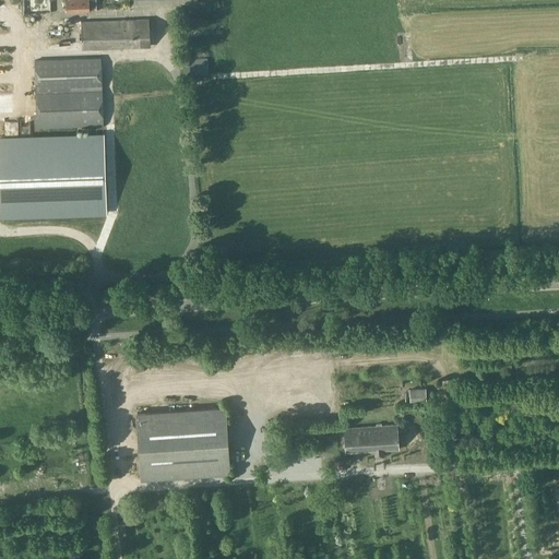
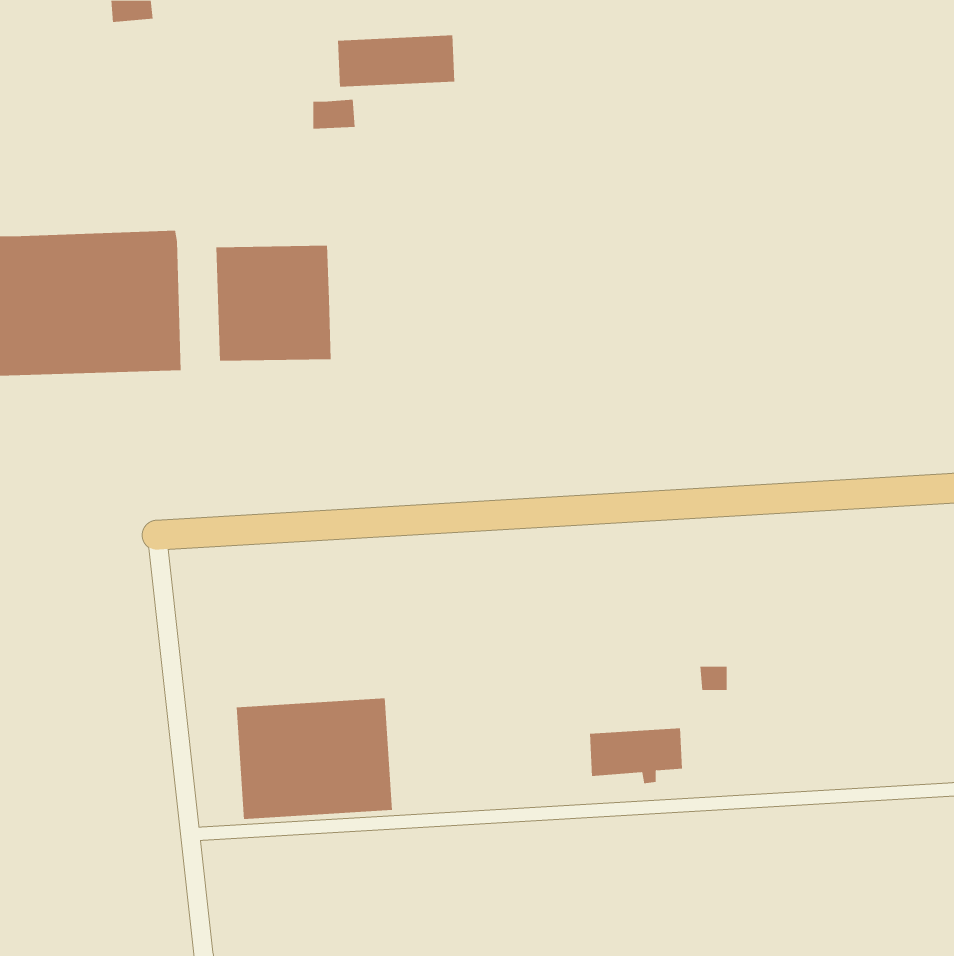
building: [81,19,150,49] -> [337,35,455,87]
building: [35,59,103,127] -> [216,245,332,361]

